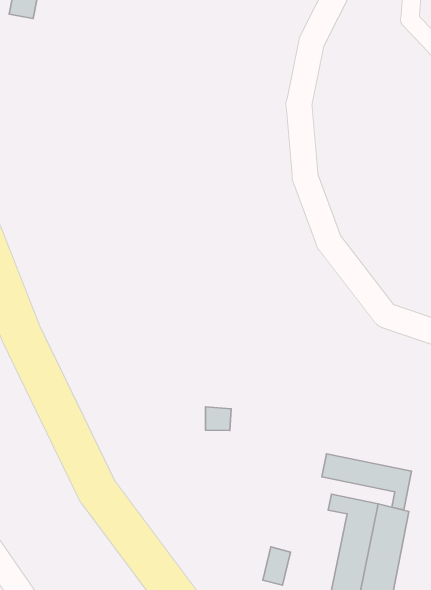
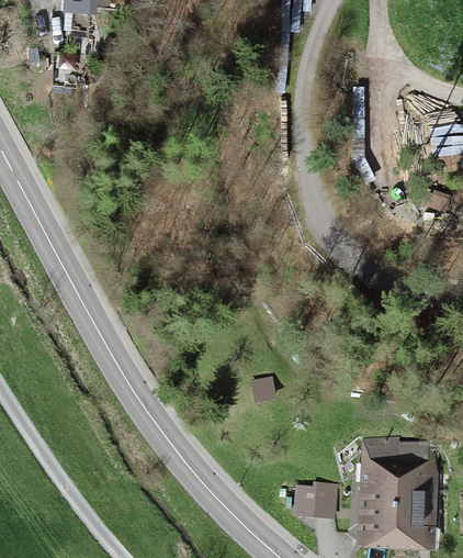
building: [322,454,412,510] -> none

